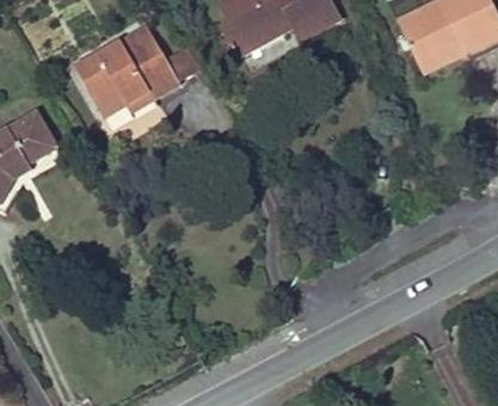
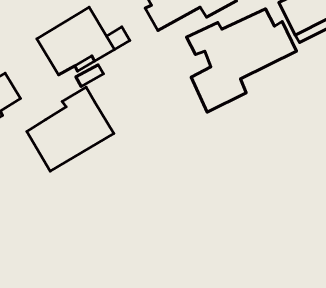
building: none -> [186,9,296,112]
building: none -> [27,87,114,171]

